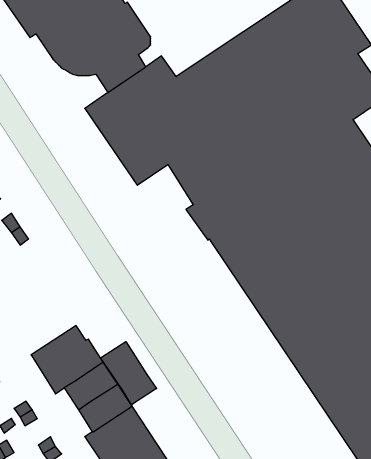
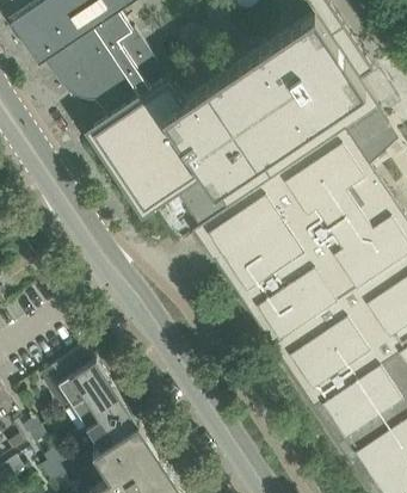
building: [101,342,157,405] -> none

